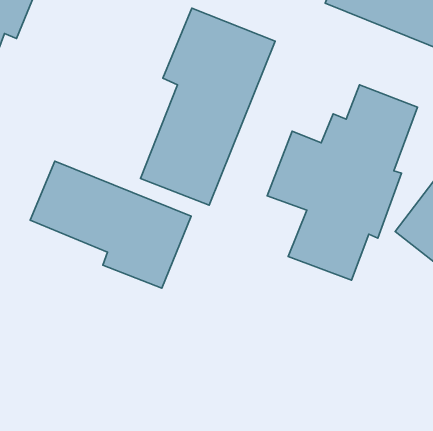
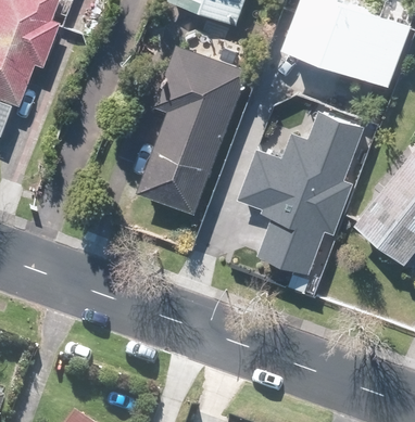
building: [30,161,191,288] -> none

